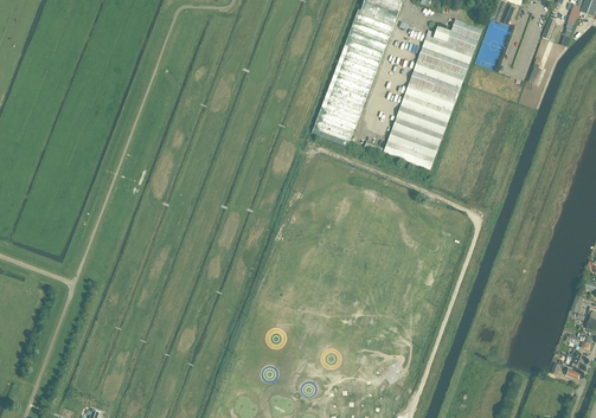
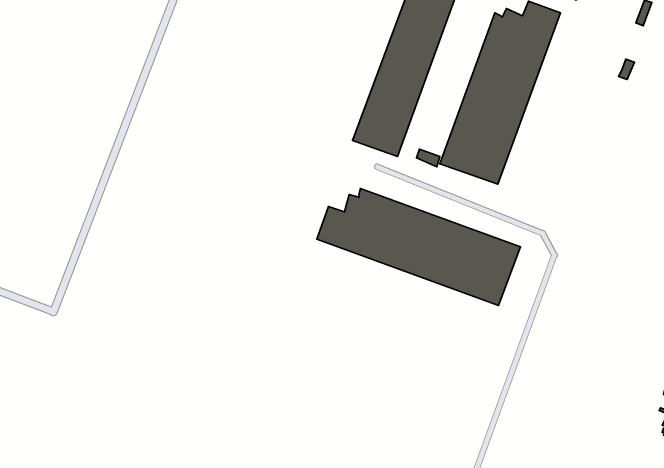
building: none -> [317,189,521,305]

